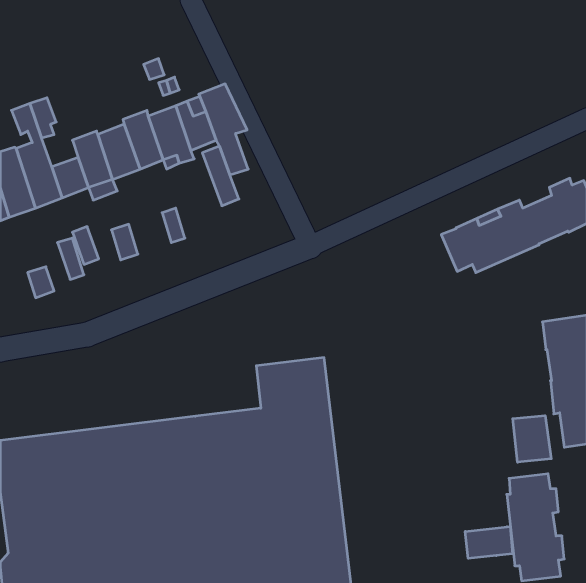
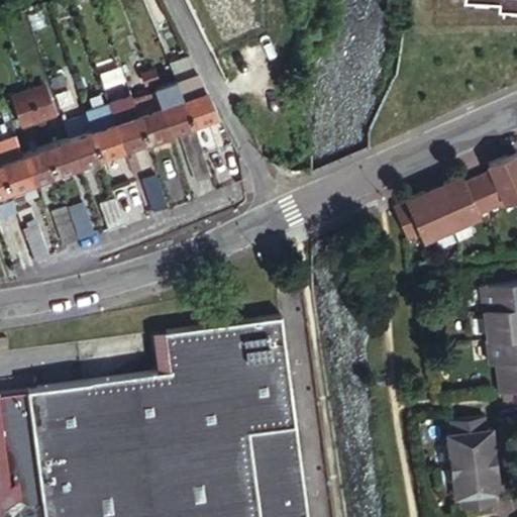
building: none -> [169,325,230,370]
building: [513,416,551,462] -> none
building: [465,526,512,558] -> none

